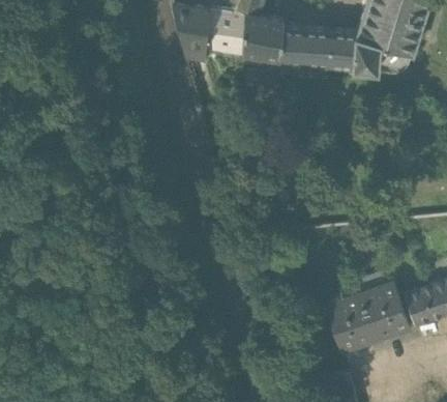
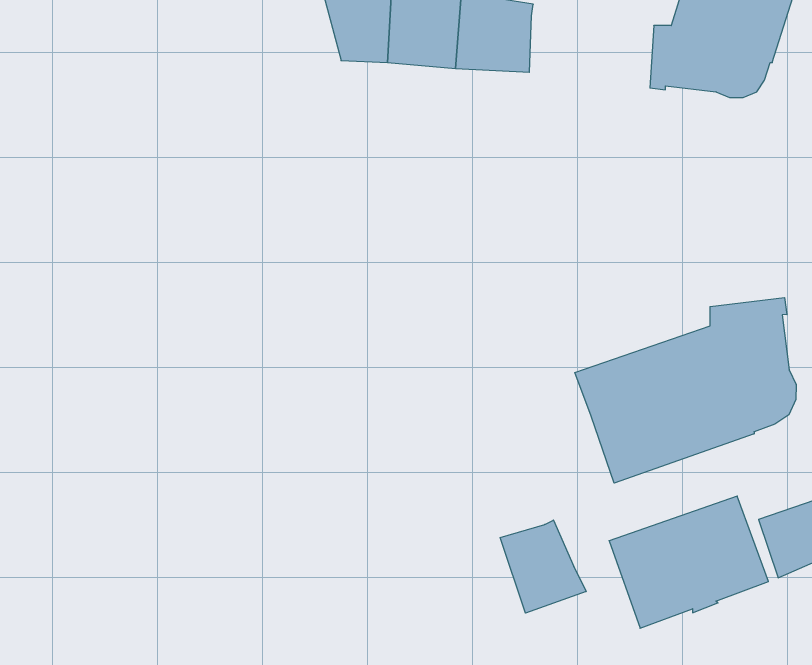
building: [282,30,349,68] -> none
building: none -> [575,298,796,483]
building: none -> [500,520,586,613]

